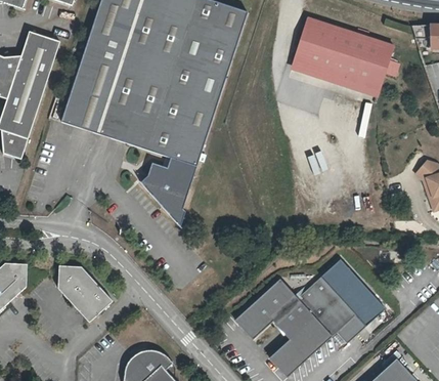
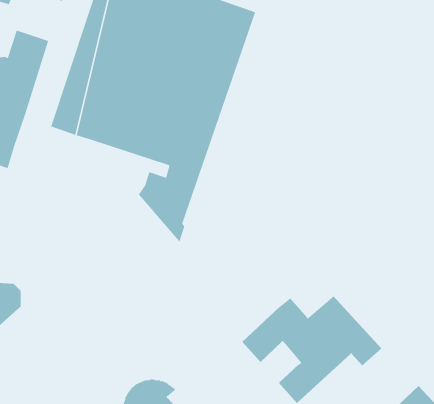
building: [294,18,394,91] -> none
building: [320,258,385,326] -> none
building: [62,266,117,323] -> none

